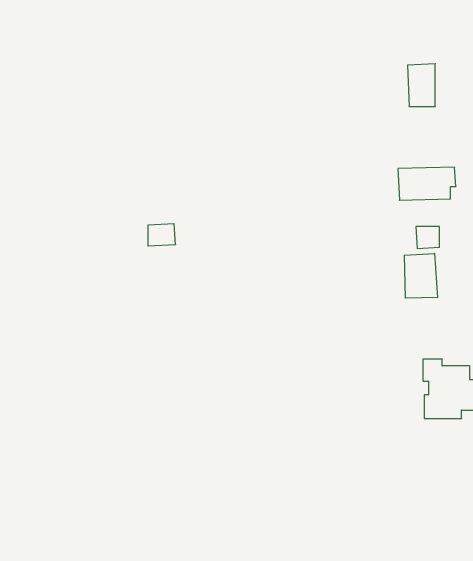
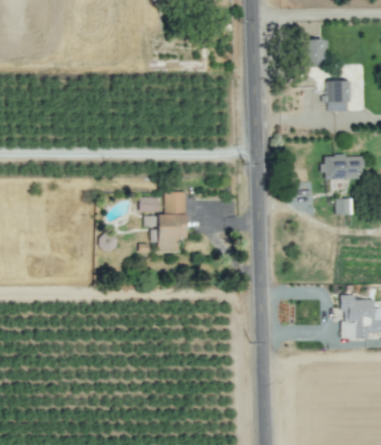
building: none -> [303,39,329,62]
building: none -> [145,191,186,251]
building: [404,253,437,298] -> none

